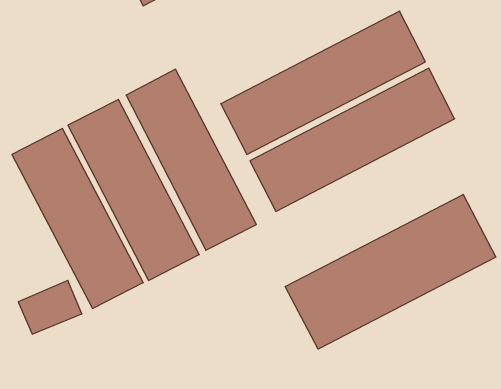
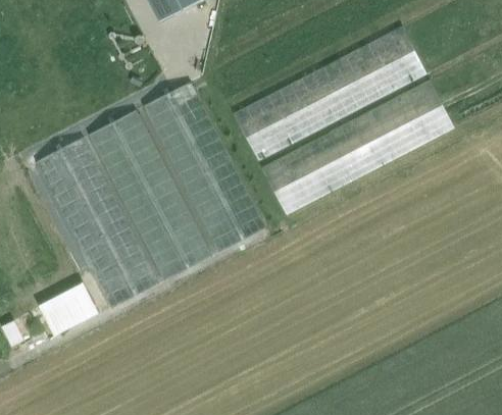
building: [285,194,496,349] -> none

